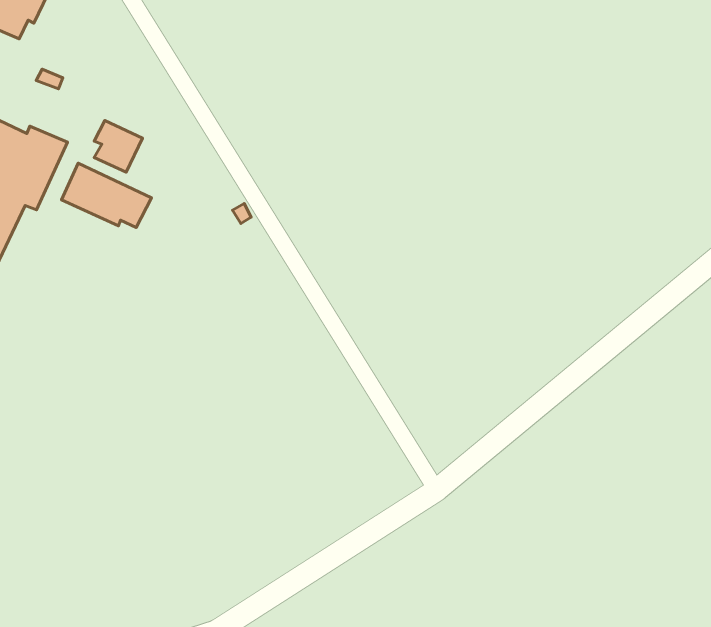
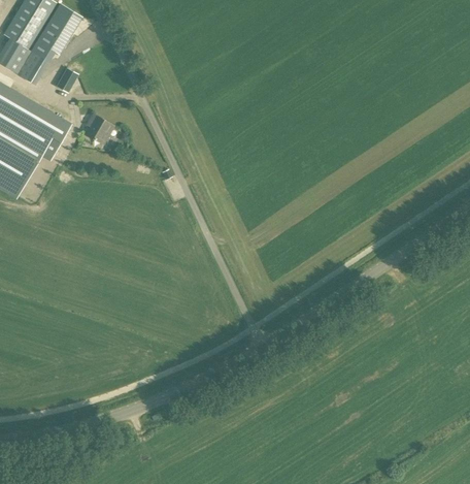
building: [62,163,151,228] -> none

